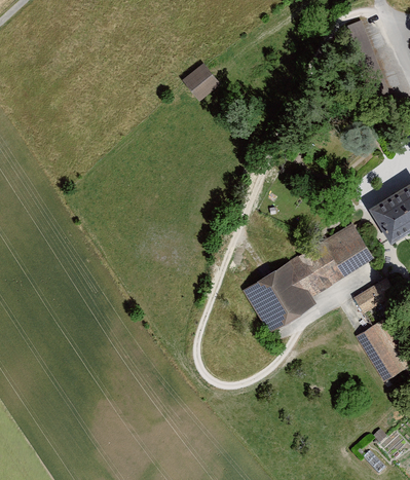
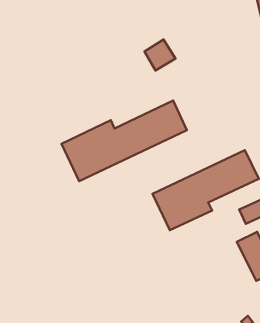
building: [182,63,221,102] -> [145,40,175,70]
building: none -> [61,101,187,181]

